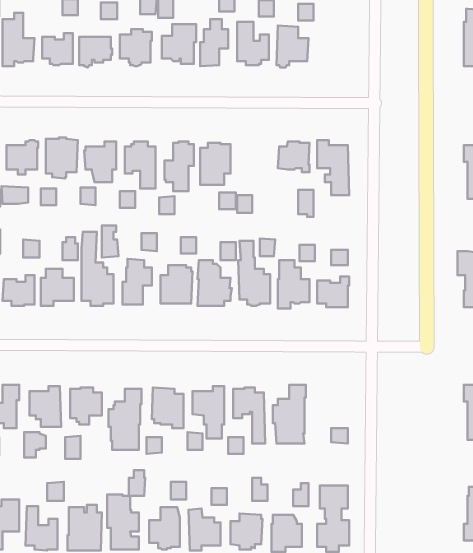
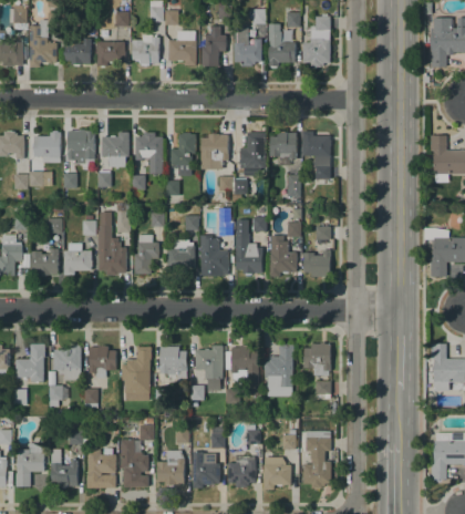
building: none -> [302,16,330,66]
building: none -> [239,132,266,176]
building: none -> [303,342,331,376]

